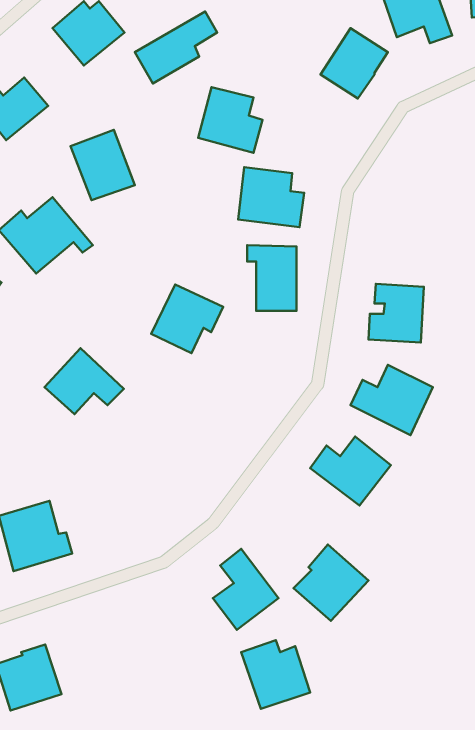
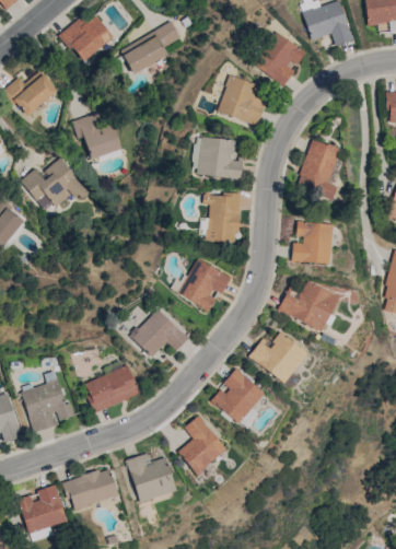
building: [198,87,262,153] -> [218,75,265,124]
building: none -> [295,139,340,199]
building: [151,284,223,353] -> [178,259,231,309]
building: [44,348,124,414] -> [130,308,188,357]
building: none -> [83,364,139,412]
building: [293,545,368,621] -> [210,367,265,423]
building: none -> [63,468,117,509]
building: [241,640,310,709] -> [126,452,176,502]

